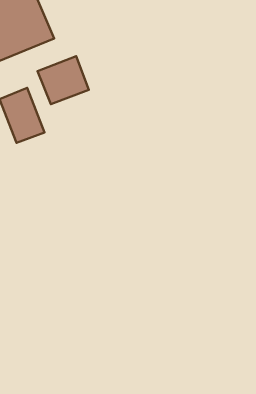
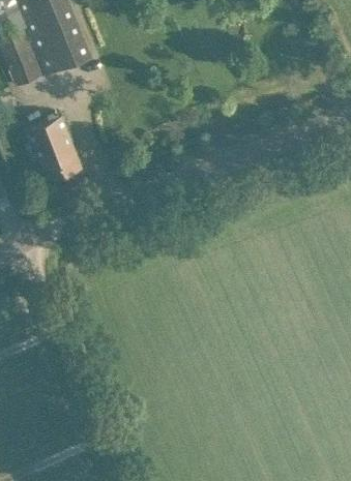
building: [38,56,89,104] -> none

